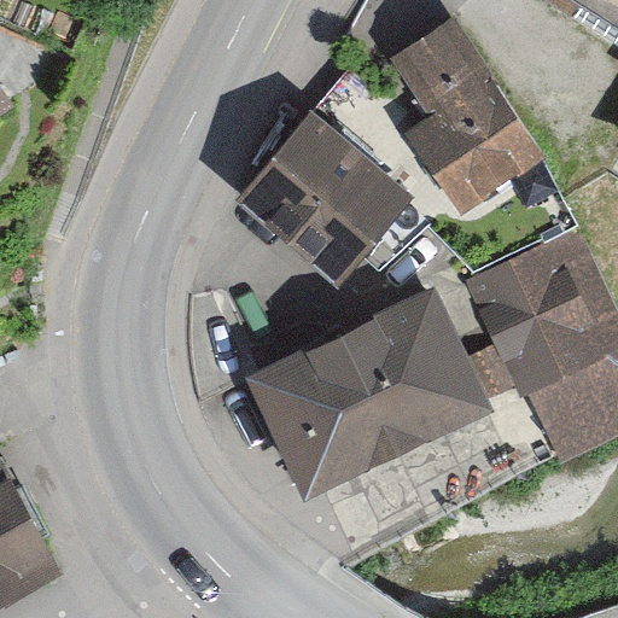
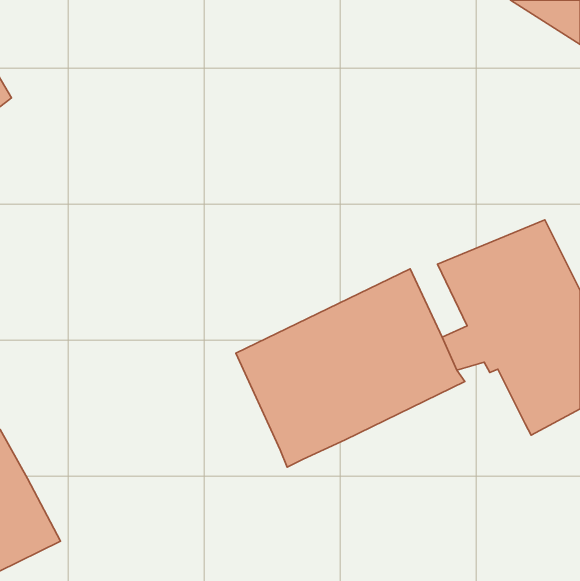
building: [390,17,547,215] -> none
building: [237,110,431,286] -> none

